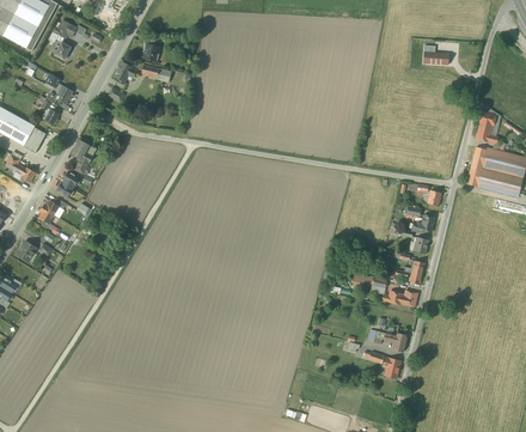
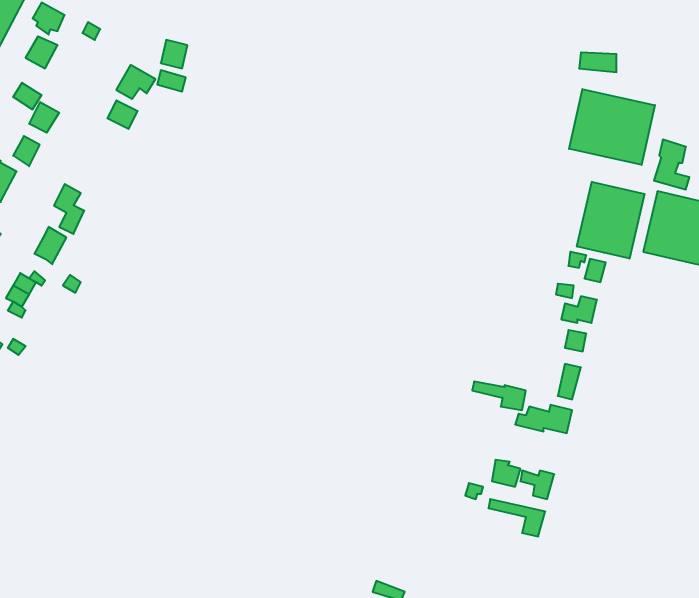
building: none -> [569,89,655,165]
building: none -> [577,182,645,259]

